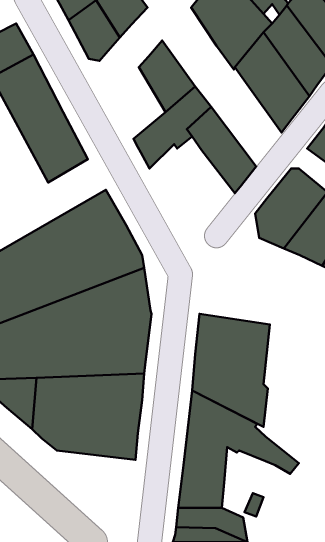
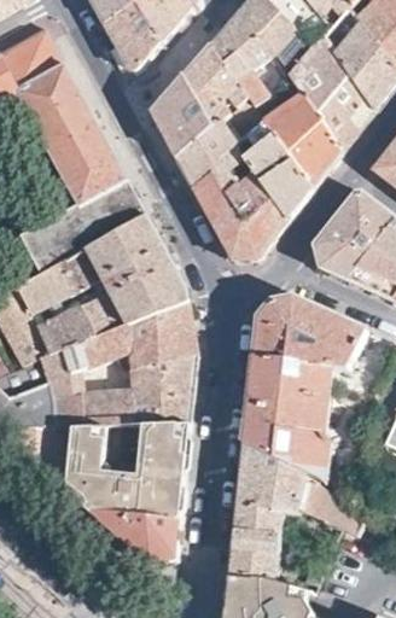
building: none -> [209,8,270,109]
building: none -> [151,76,212,157]
building: none -> [264,93,344,188]
building: none -> [194,163,291,261]
building: none -> [251,297,366,368]
building: none -> [89,509,179,564]

